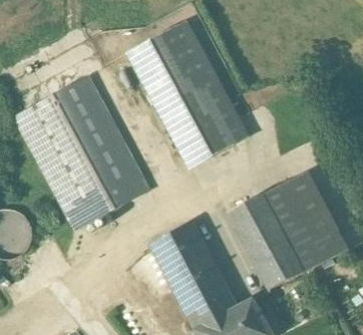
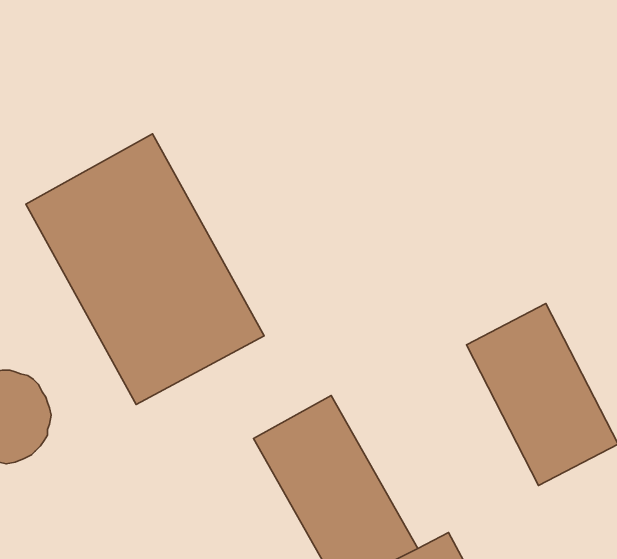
building: [129,21,248,166] -> none
building: [227,194,303,289] -> none

